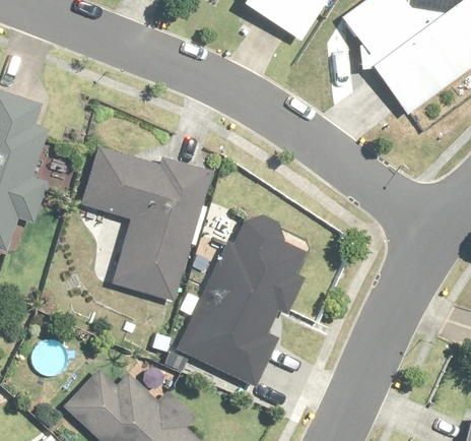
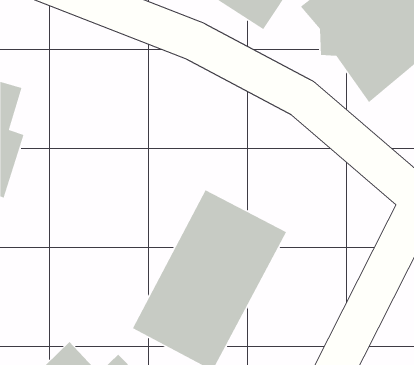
building: [59,144,197,308] -> none

